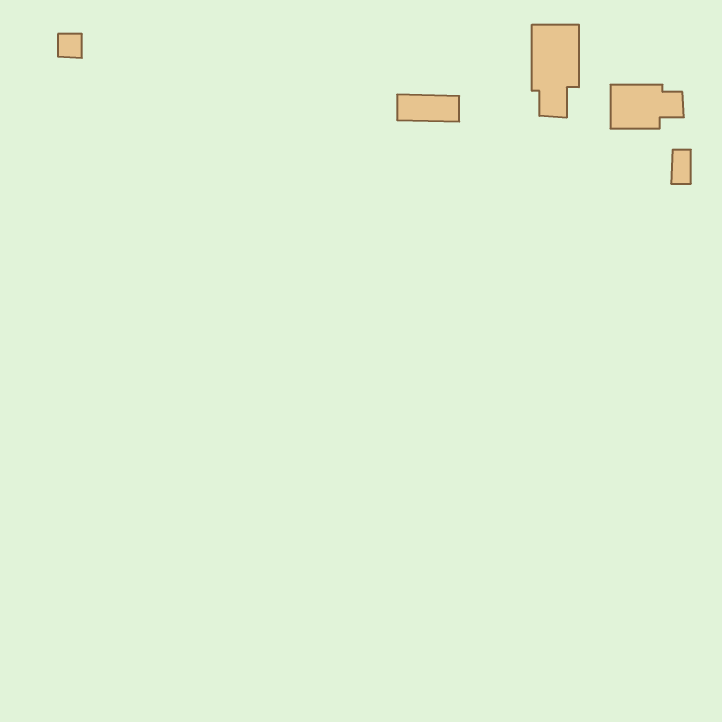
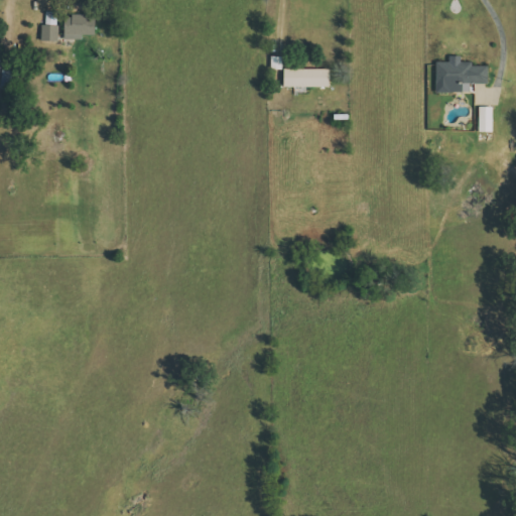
building: none -> [63,14,95,39]
building: [532,25,579,118] -> none

